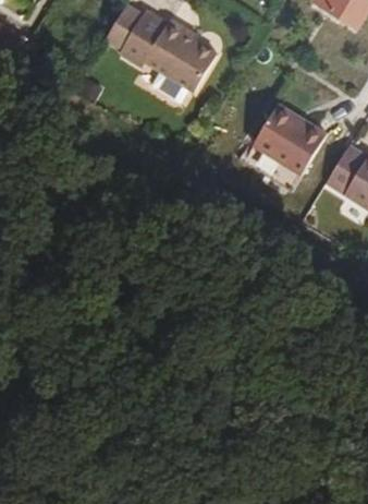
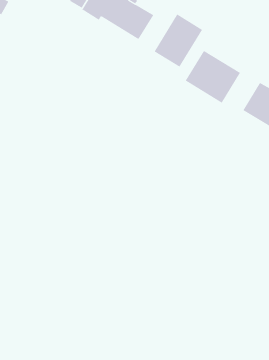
building: none -> [154,14,203,68]

